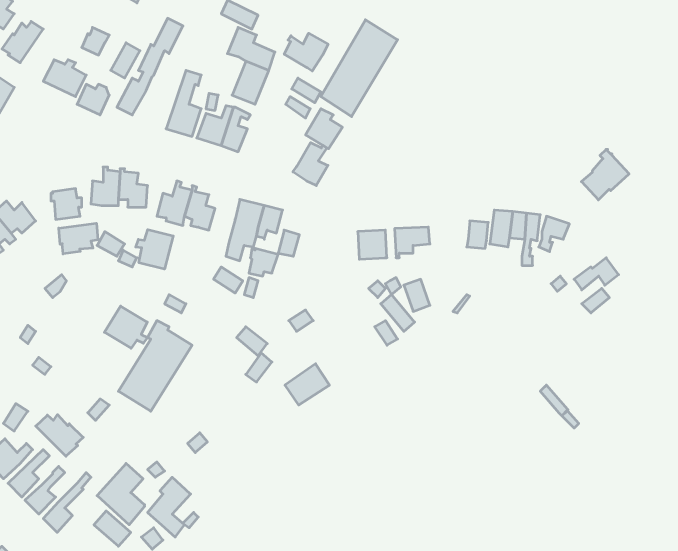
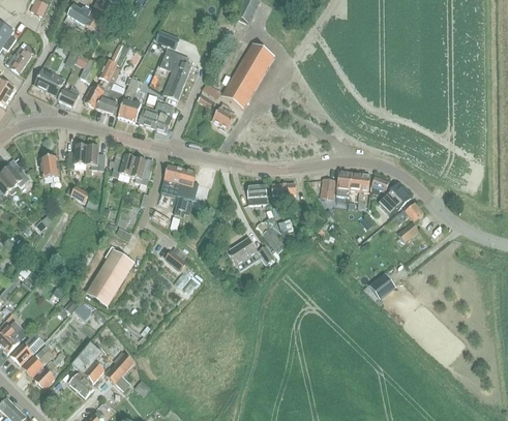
building: [284,33,328,71] -> none
building: none -> [96,80,125,114]
building: [293,143,328,186] -> none
building: [581,149,629,200] -> [379,180,411,214]
building: [59,223,98,254] -> none
building: [136,230,173,269] -> none
building: [104,306,148,348] -> none
building: [285,364,329,405] -> [228,237,258,265]
building: [36,415,83,456] -> none

